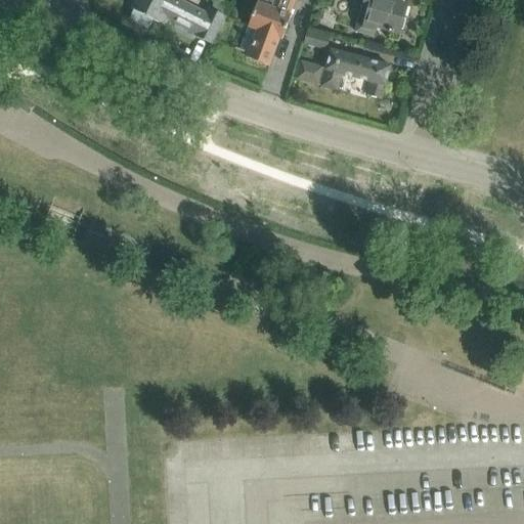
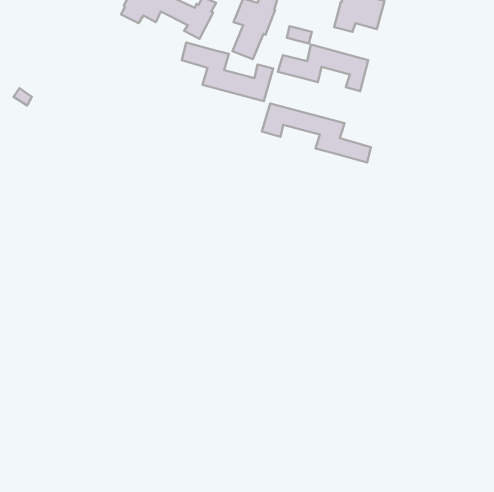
building: none -> [182,42,273,101]
building: none -> [262,103,371,162]

